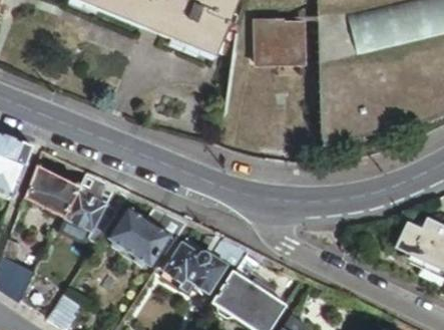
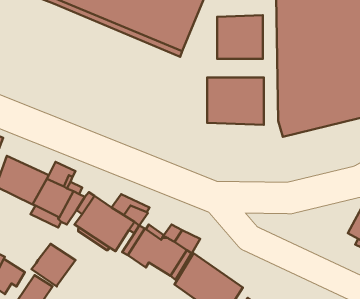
building: none -> [207,78,264,125]
building: none -> [31,244,76,287]

